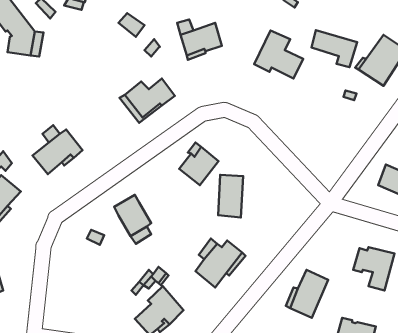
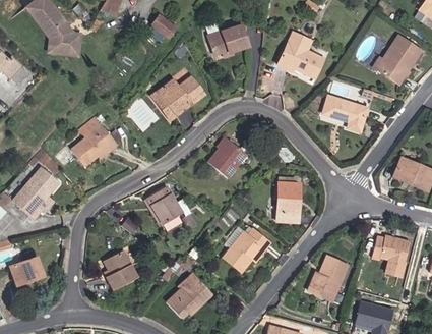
building: [312,30,357,67] -> [324,96,367,130]
building: [218,175,243,217] -> [276,181,300,221]
building: none -> [105,249,139,289]

